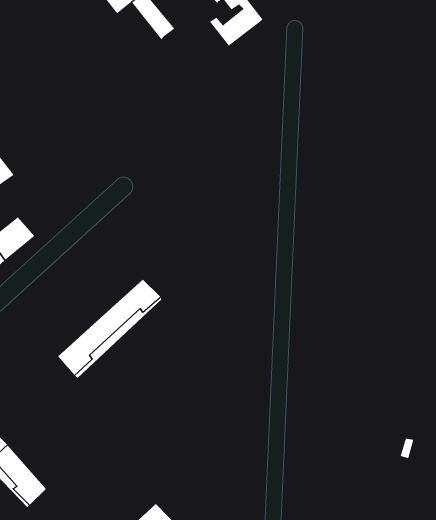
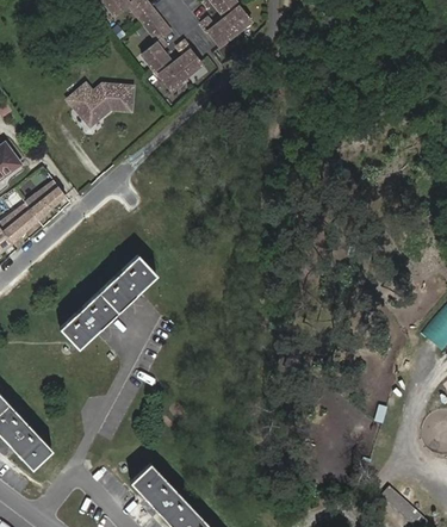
building: none -> [138,36,201,89]
building: none -> [68,82,130,124]
building: none -> [24,179,67,219]

